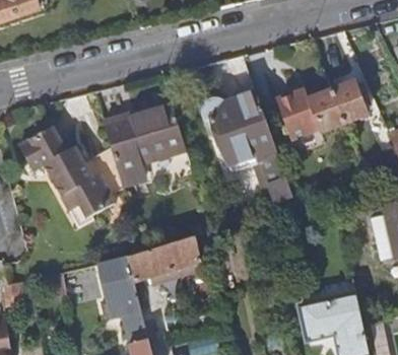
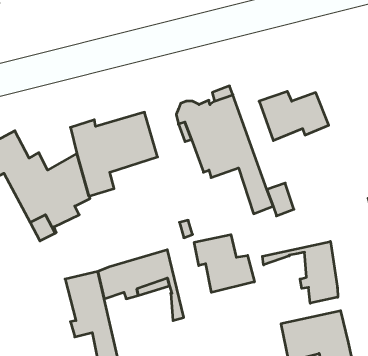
building: [332,81,367,124] -> none
building: none -> [194,235,254,292]
building: none -> [262,241,338,303]

